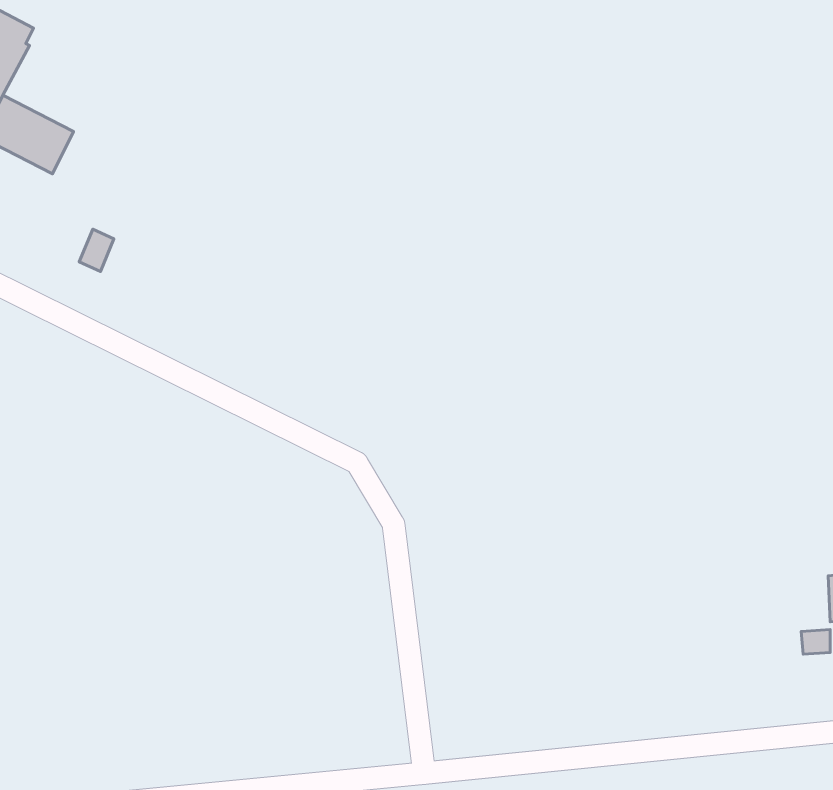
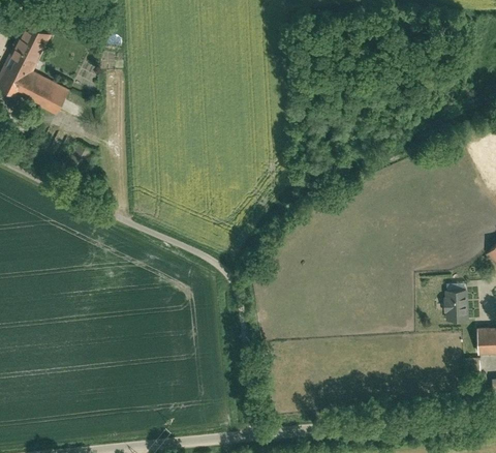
building: none -> [442,290,467,323]

